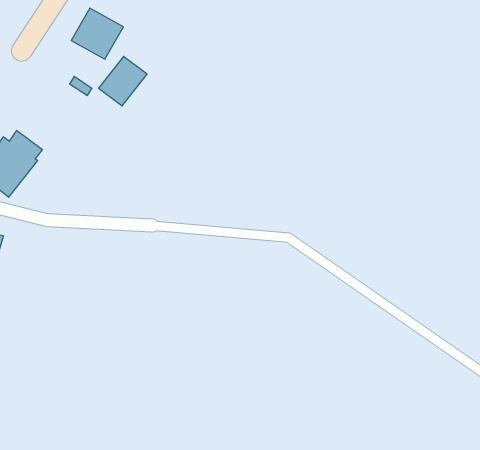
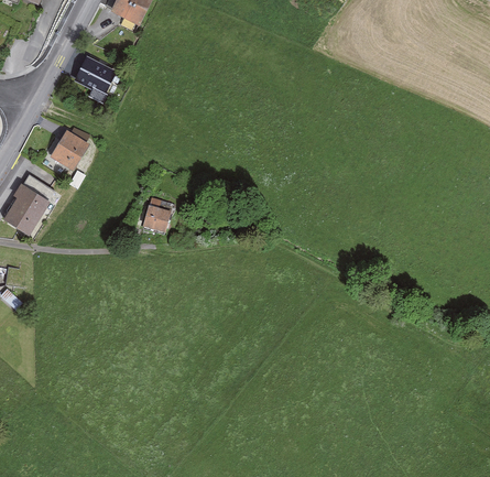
building: [99,56,147,106] -> [46,132,87,175]
building: none -> [141,207,168,235]

